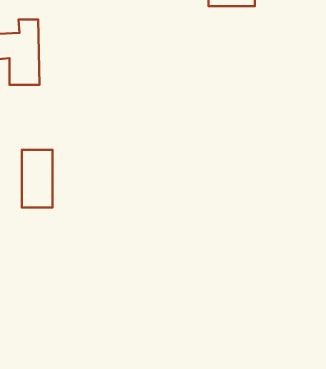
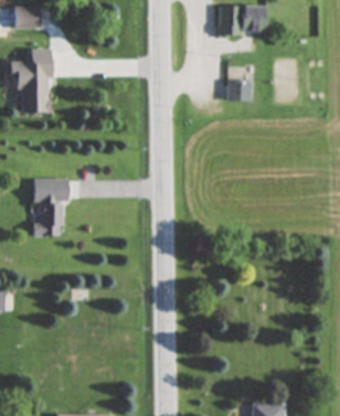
building: none -> [227,81,251,99]

